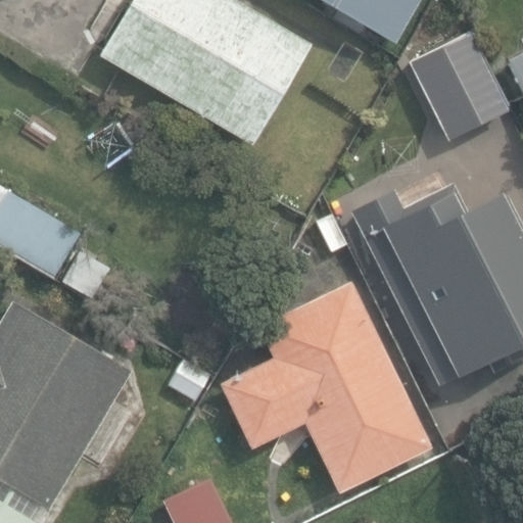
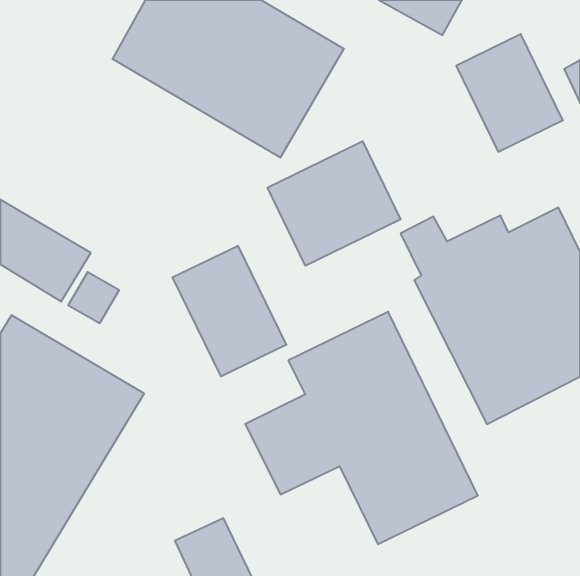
building: none -> [268,141,401,266]
building: none -> [173,246,286,376]

